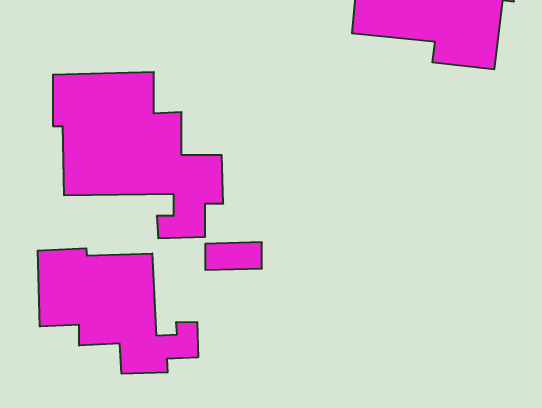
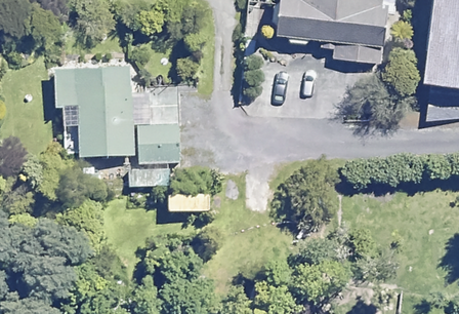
building: [38,248,198,374] -> none

